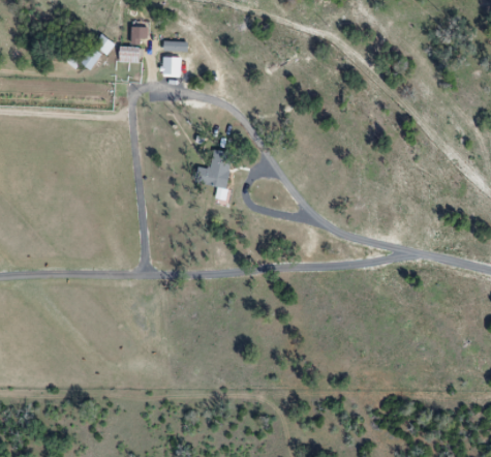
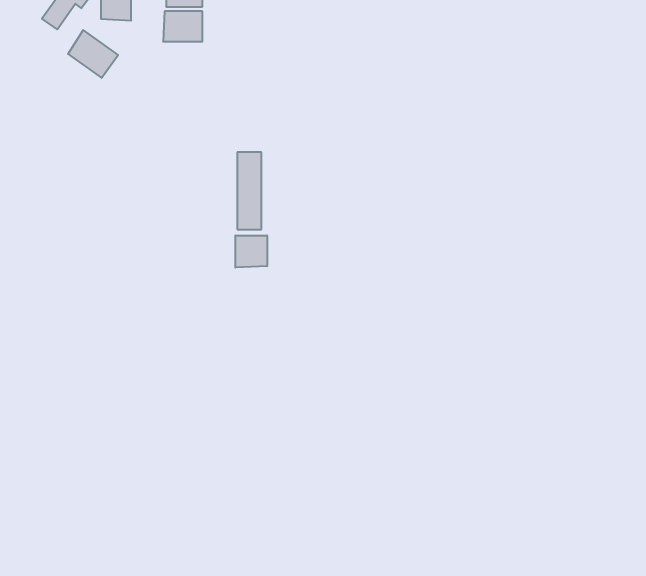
building: none -> [68,30,118,78]
building: none -> [235,235,267,268]

